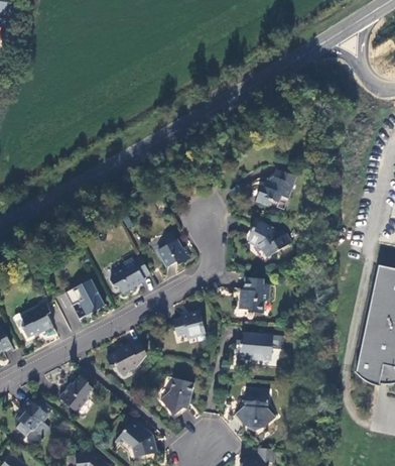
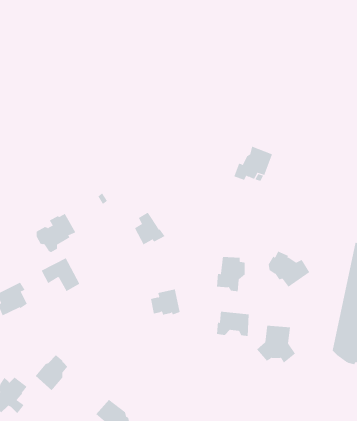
building: [249,221,291,257] -> [268,251,310,287]
building: [110,255,150,295] -> [36,213,76,253]
building: [107,340,147,373] -> none
building: [161,378,194,415] -> none
building: [236,389,275,428] -> [256,325,296,364]

